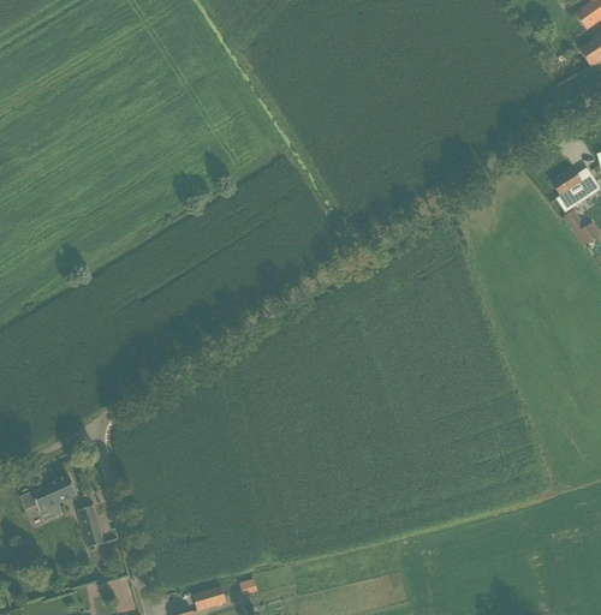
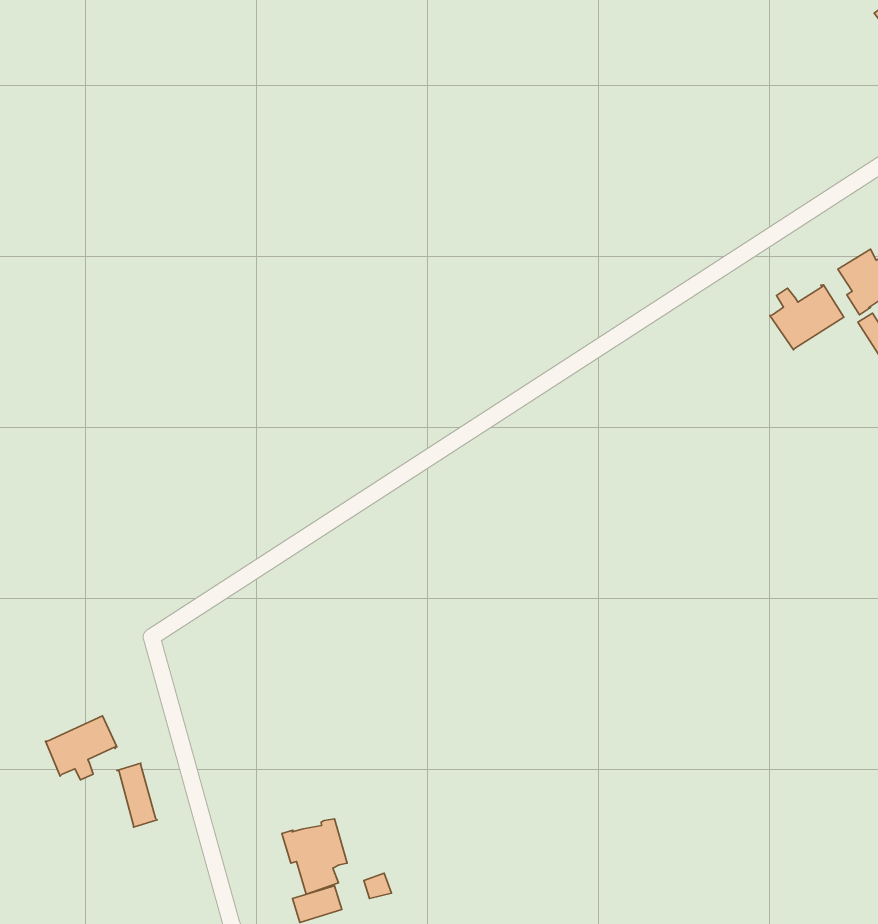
building: none -> [770,285,844,350]
building: none -> [282,819,347,894]

